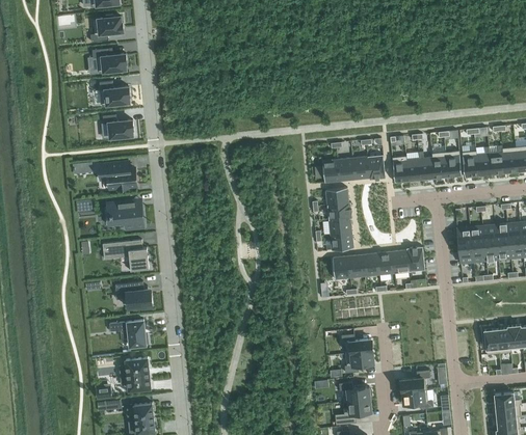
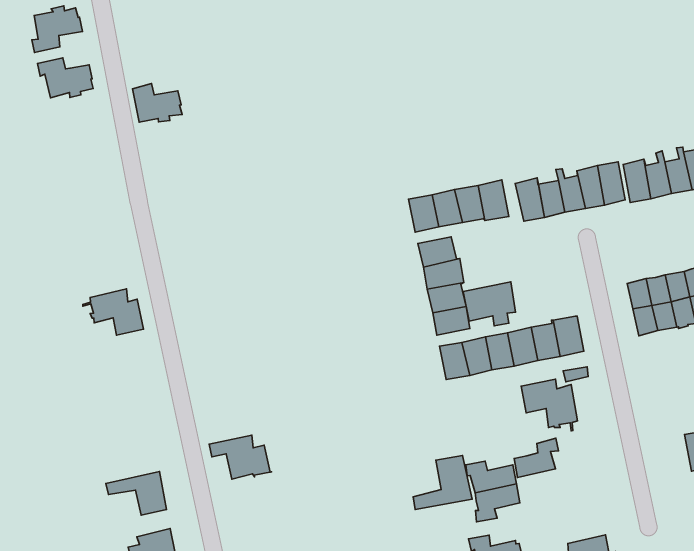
building: [99,81,129,106] -> [133,84,182,122]
building: [102,114,133,139] -> none
building: [102,162,135,190] -> none
building: none -> [463,282,515,326]
building: [102,240,148,270] -> none
building: [114,281,153,308] -> [209,435,272,479]
building: none -> [521,379,577,431]
building: none -> [413,455,472,510]
building: [400,370,429,392] -> [514,438,559,478]

